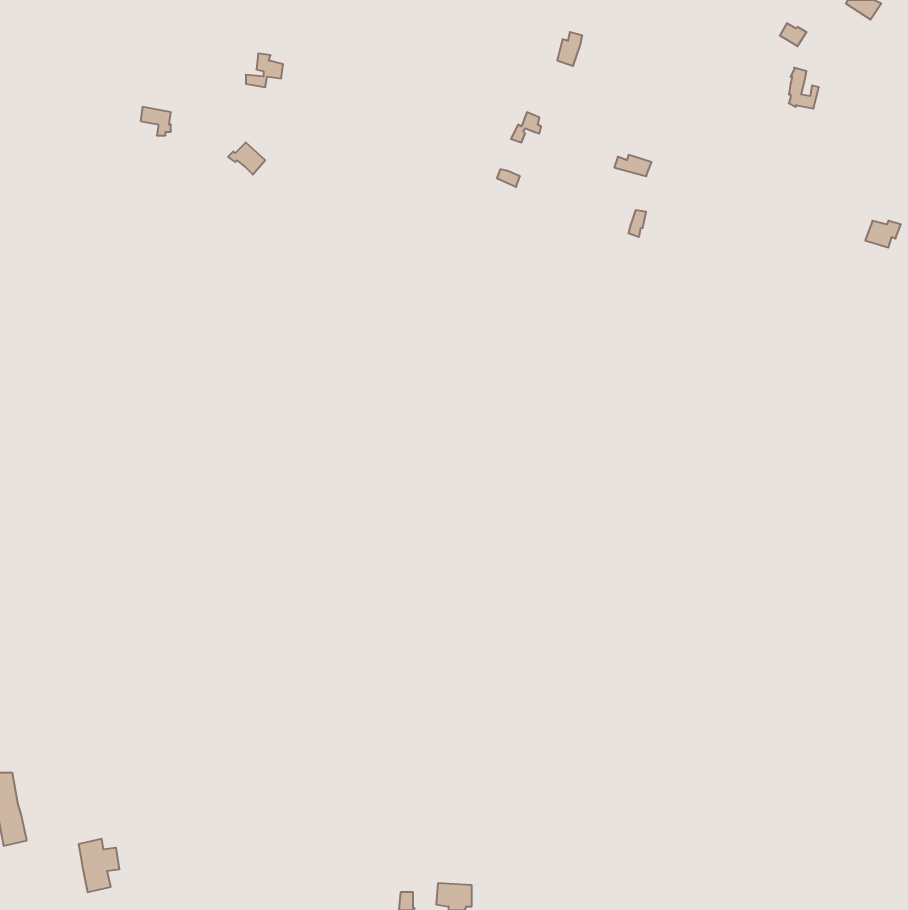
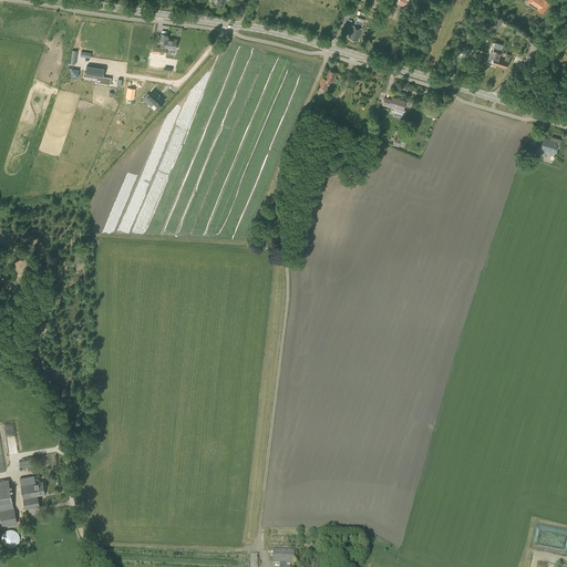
building: [79,839,120,892] -> [19,475,44,508]

